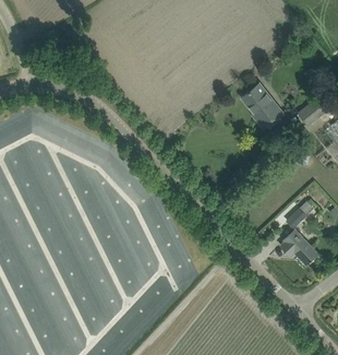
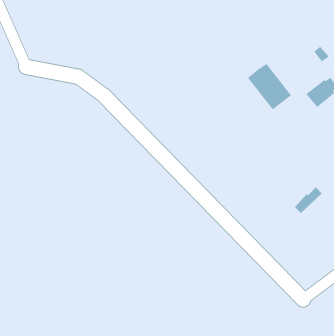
building: [279,230,317,267] -> none

